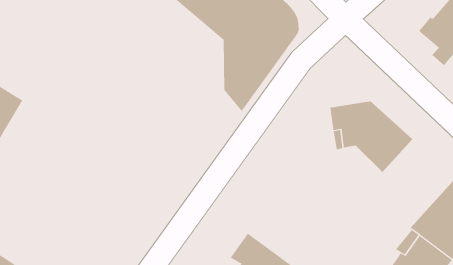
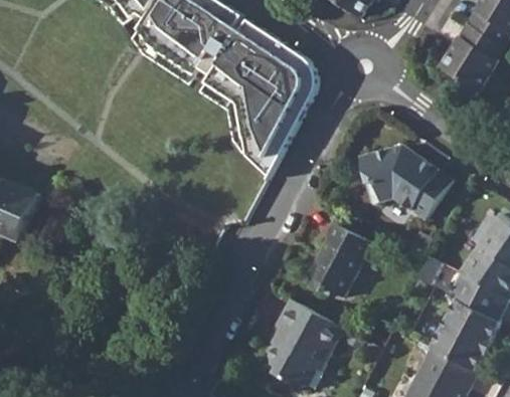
building: none -> [305,222,372,297]

